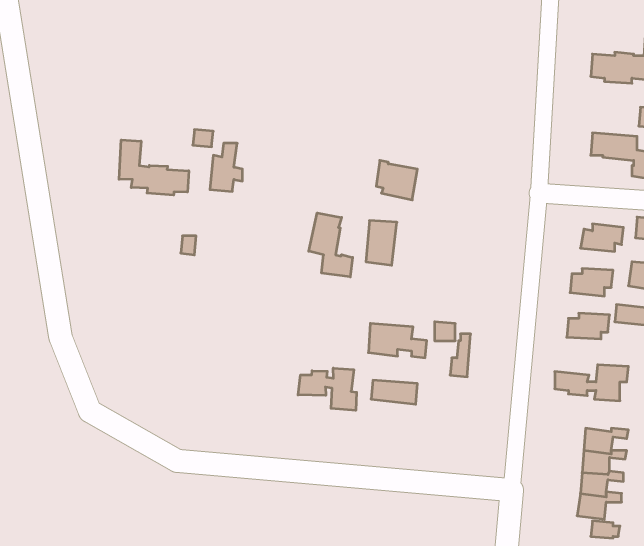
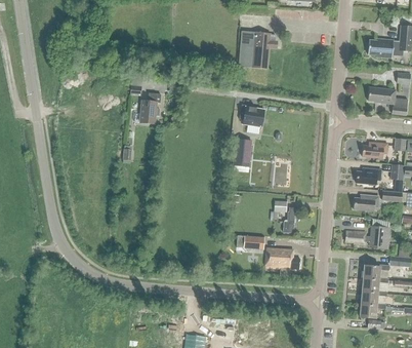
building: none -> [238,31,274,69]
building: [119,140,189,195] -> none
building: [309,213,353,277] -> none
building: [368,323,427,358] -> [265,248,300,269]
building: [298,368,357,410] -> none

